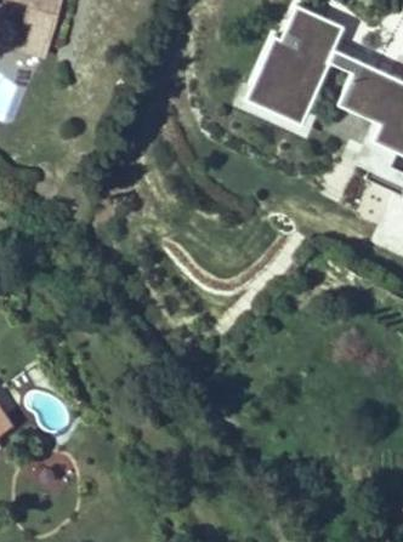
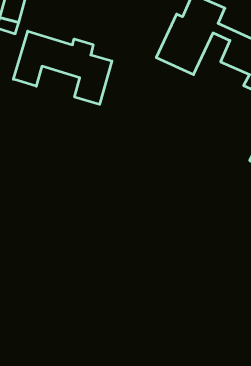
building: none -> [13,31,112,104]

